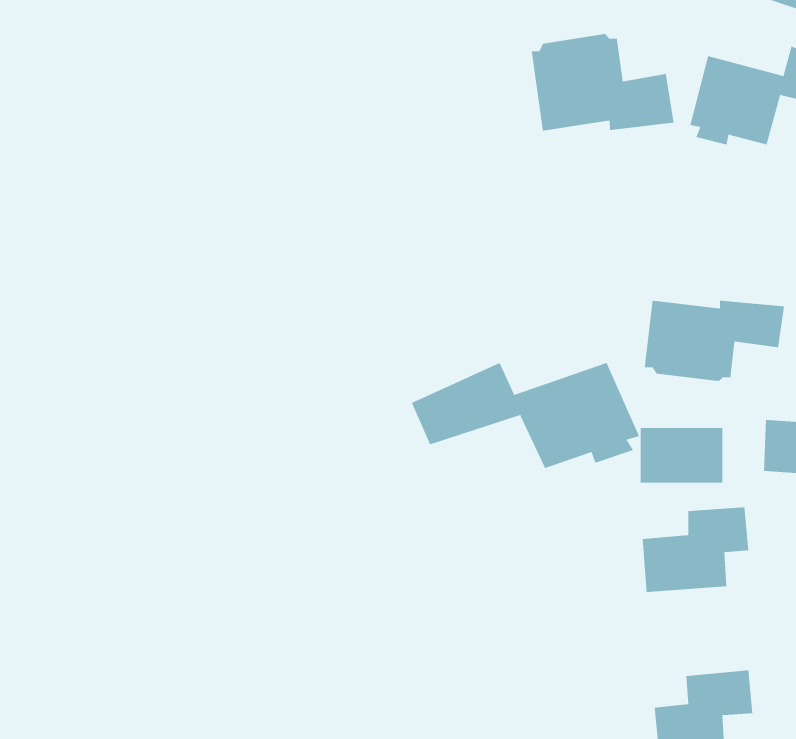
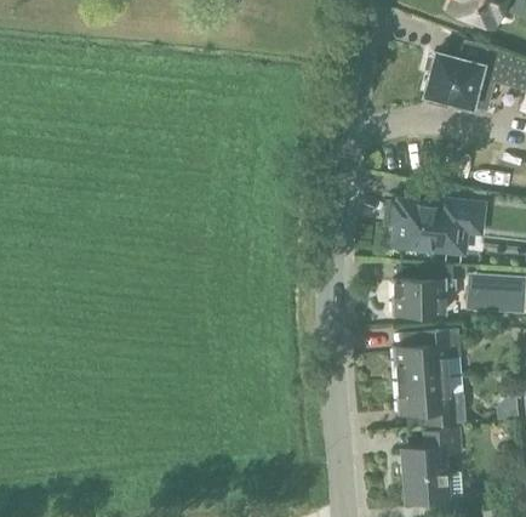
building: [531,33,674,131] -> none
building: [411,362,640,469] -> none
building: none -> [398,377,465,426]

